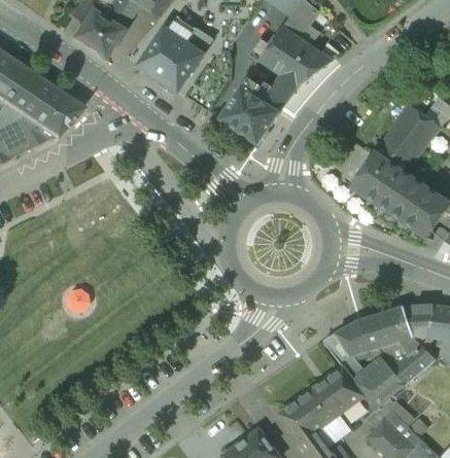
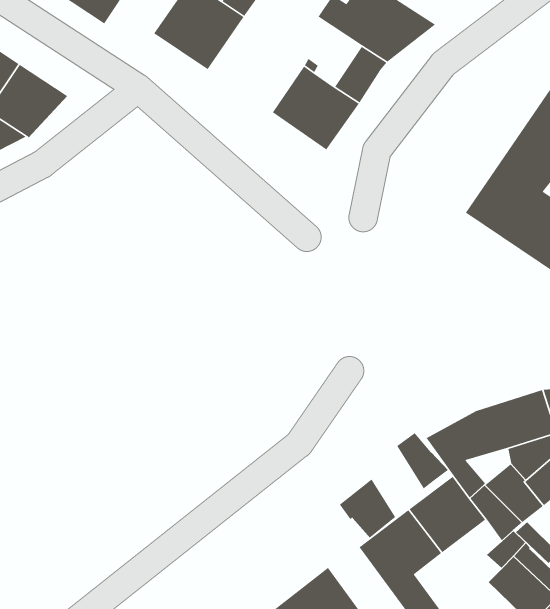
building: none -> [396,432,449,489]
building: none -> [339,479,396,539]

